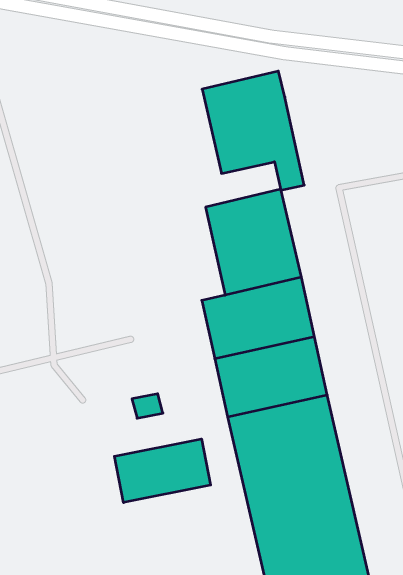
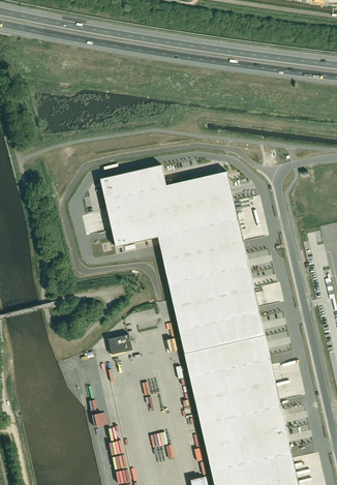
building: [202,71,304,190] -> [101,165,183,261]
building: [114,439,211,503] -> none

